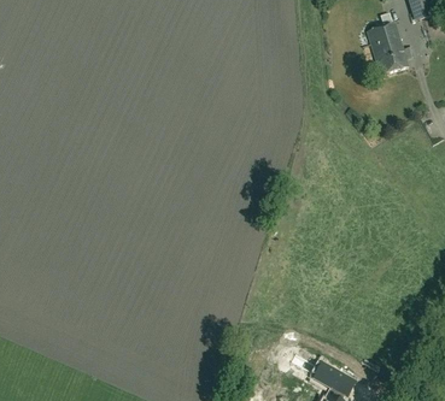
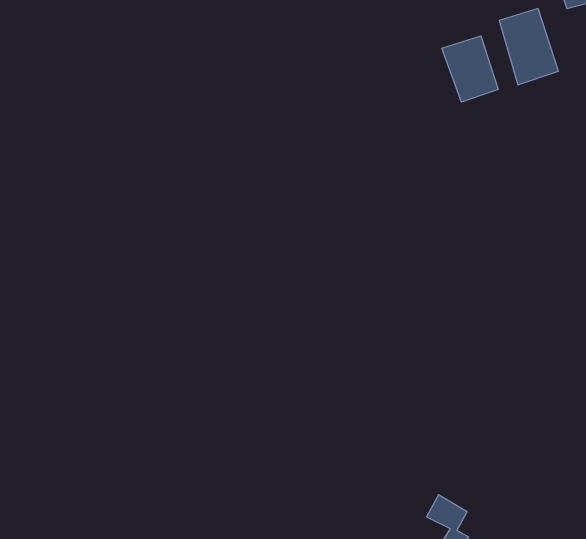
building: none -> [442,36,498,102]

